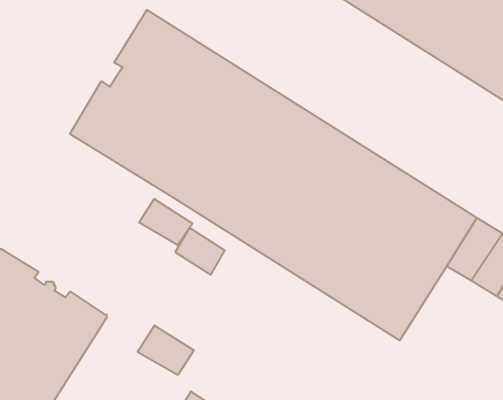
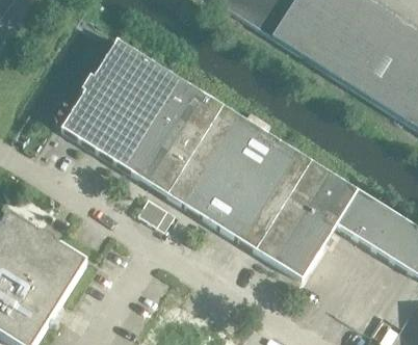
building: [139,199,192,245] -> none
building: [138,325,194,375] -> none

